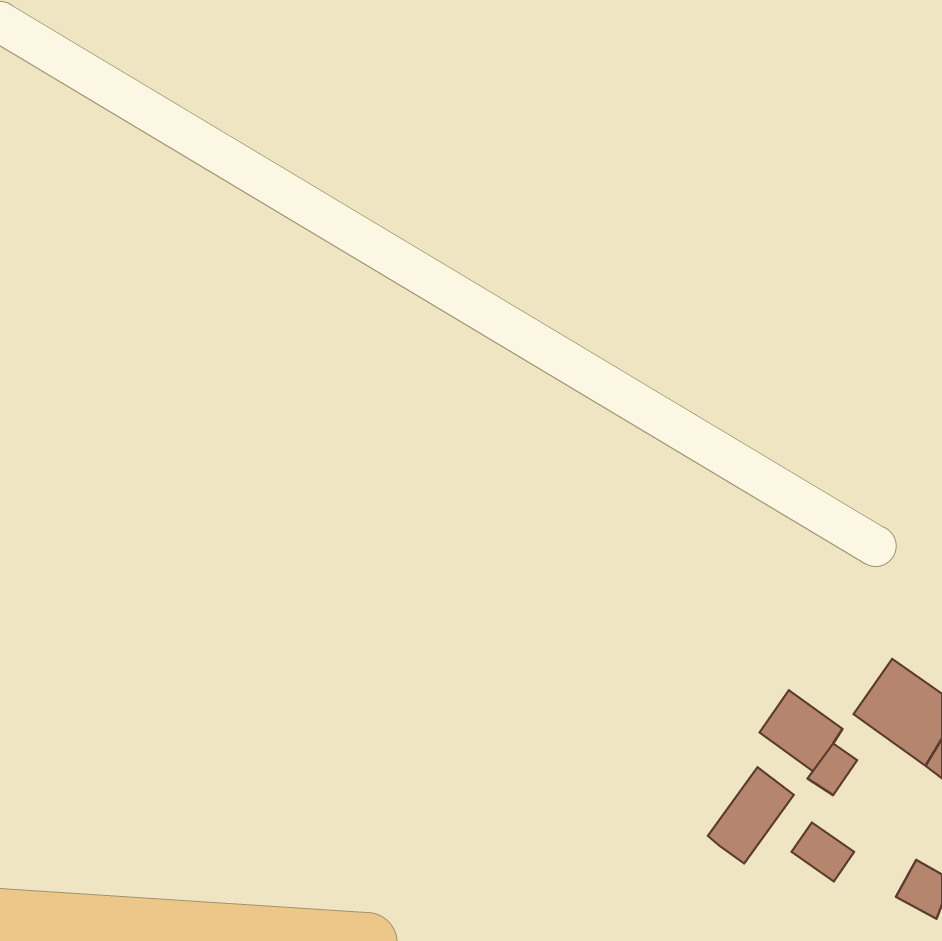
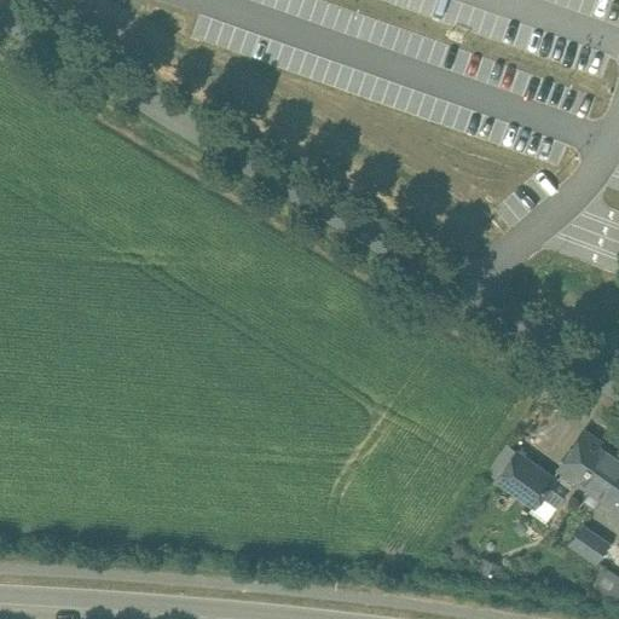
building: [708,767,794,864] -> none
building: [791,822,854,881] -> [568,526,609,565]

